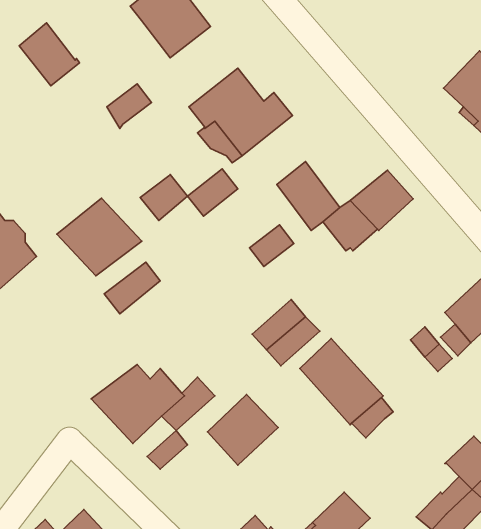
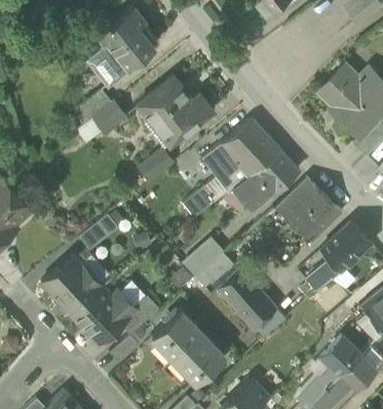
building: [19,23,79,86] -> [85,42,128,87]
building: none -> [221,119,280,176]
building: [140,174,188,221] -> [91,100,125,133]
building: [57,198,142,276] -> [41,257,102,312]
building: none -> [275,179,342,241]
building: none -> [174,333,225,384]

